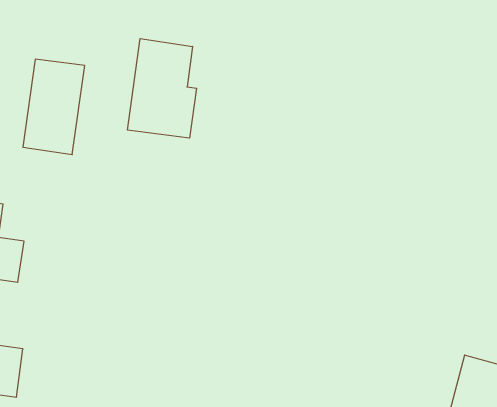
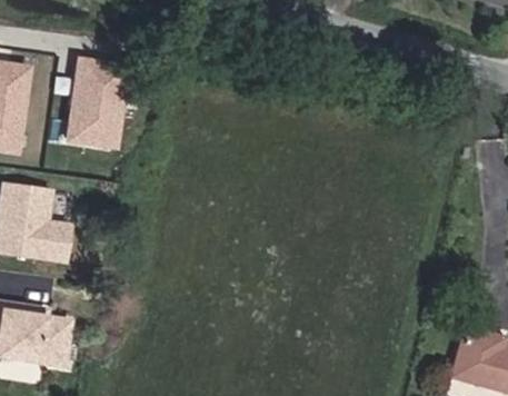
building: [128,39,197,138] -> none

